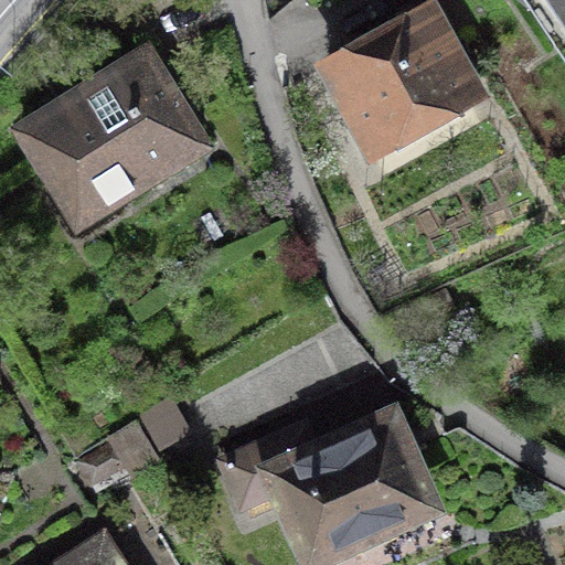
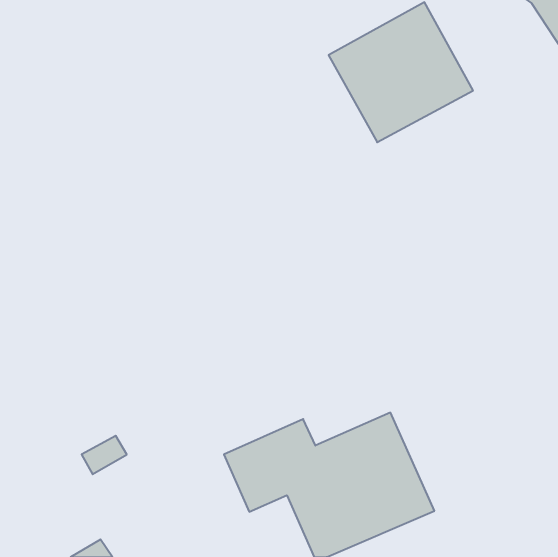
building: [28,46,209,214] -> none

